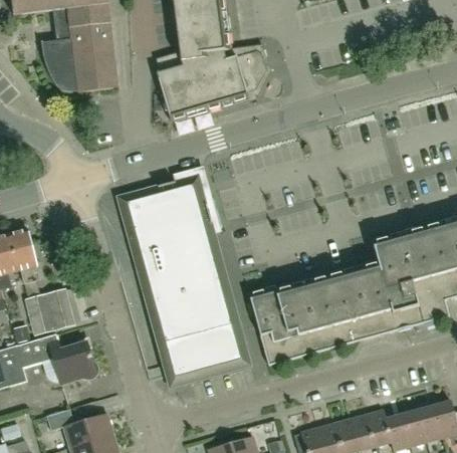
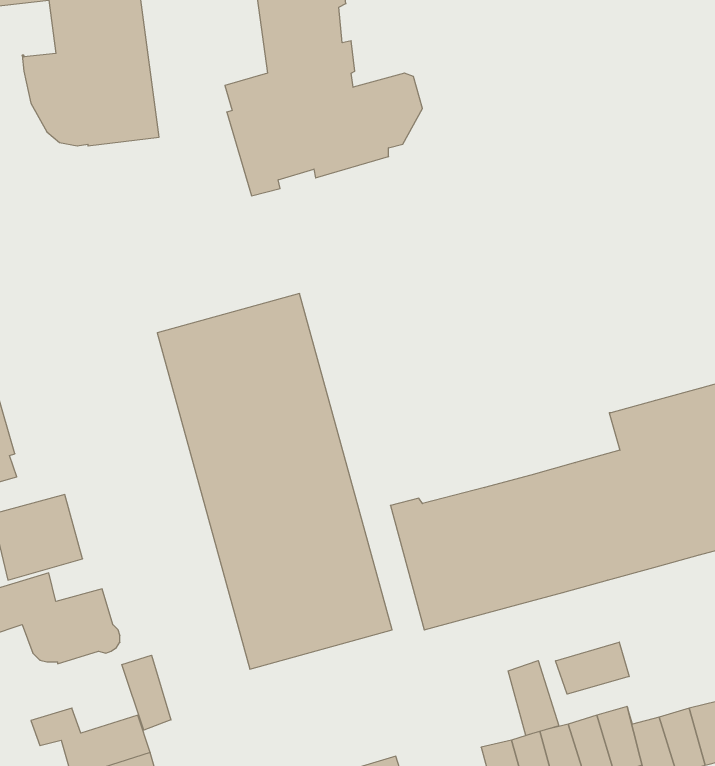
building: none -> [556,642,629,694]
building: none -> [122,655,171,730]
building: none -> [508,661,559,735]

